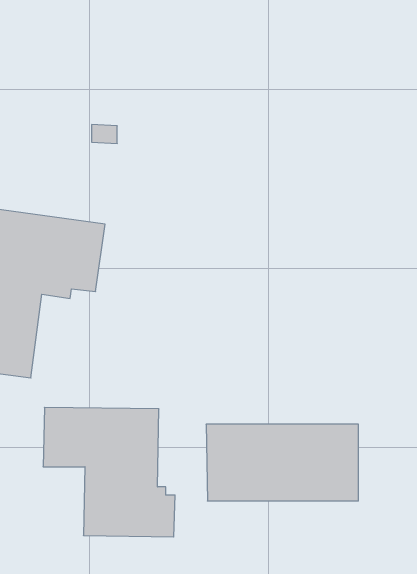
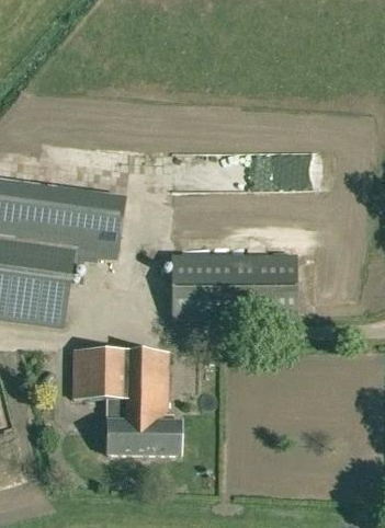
building: [206,424,358,501] -> [172,254,296,317]

